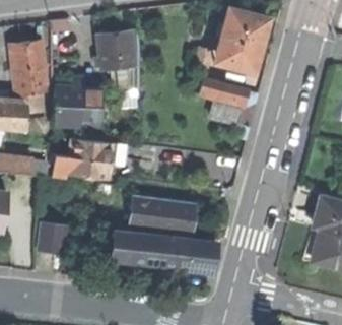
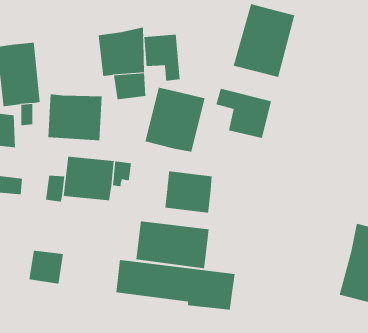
building: none -> [144,34,180,81]
building: none -> [145,87,205,153]
building: none -> [165,171,212,213]

